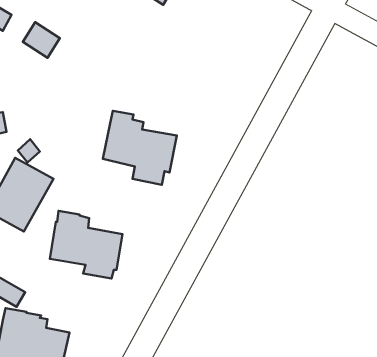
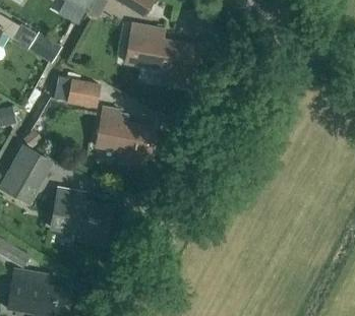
building: none -> [125,23,199,87]
building: none -> [52,77,101,108]

